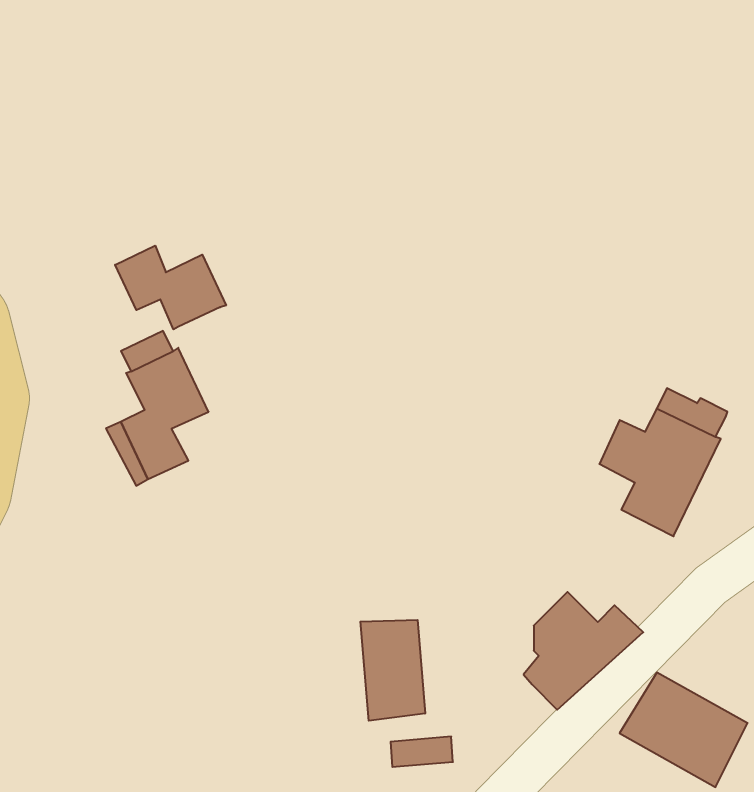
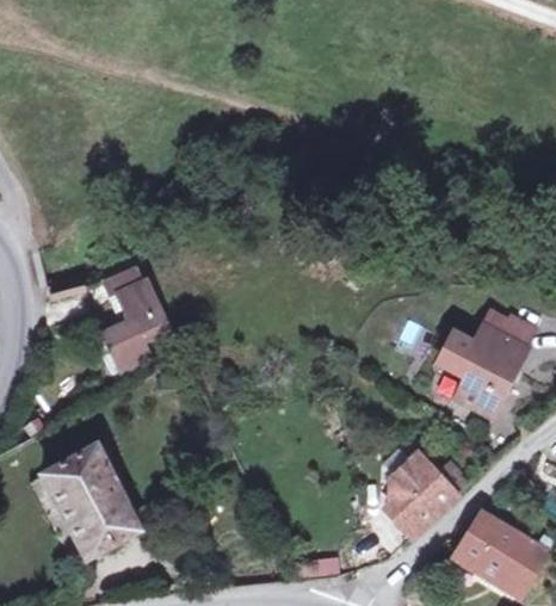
building: [115,246,226,329] -> none
building: none -> [31,446,142,564]
building: [360,620,425,721] -> none

